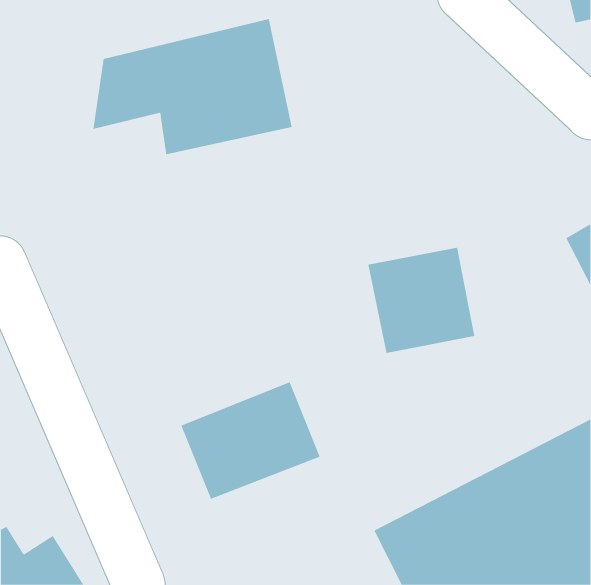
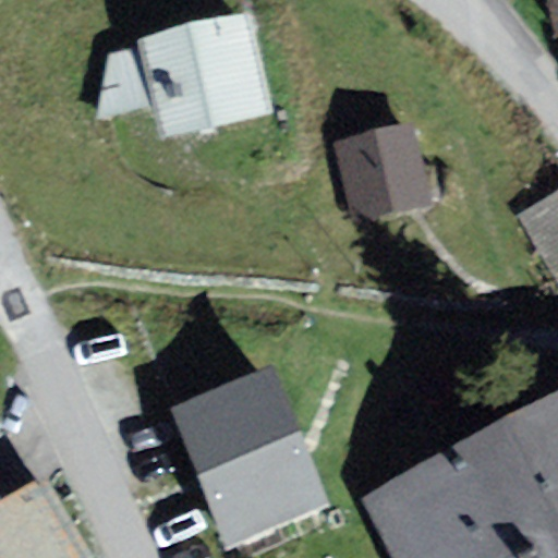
building: [367,247,475,353] -> [328,125,429,226]
building: none -> [198,430,330,542]

